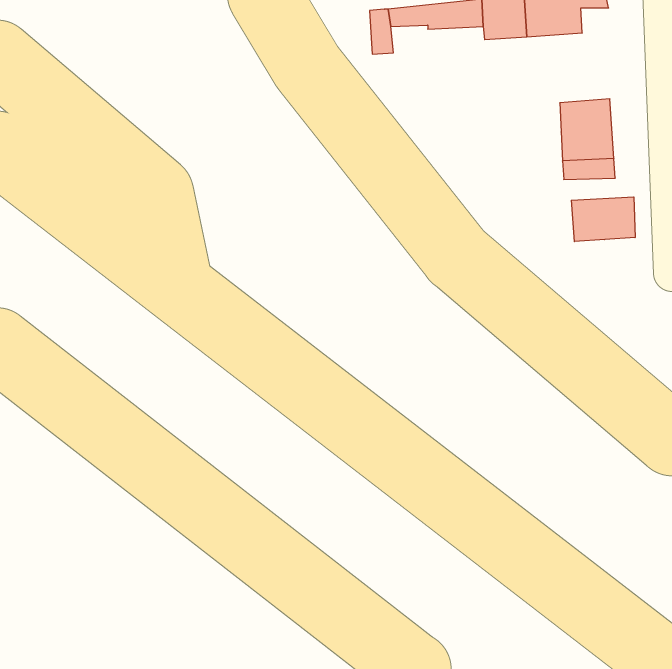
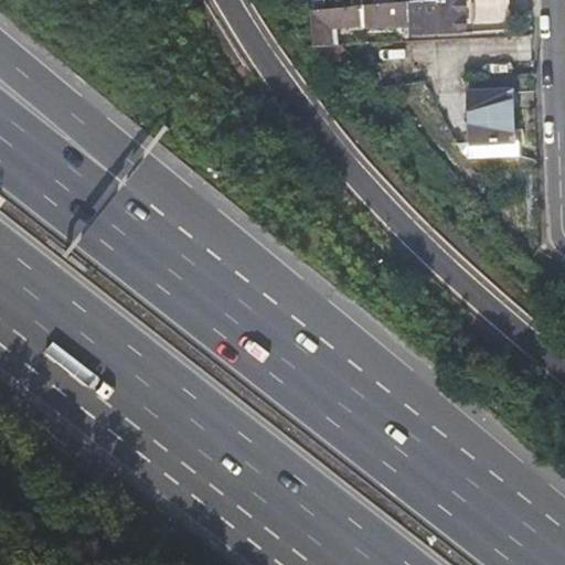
building: [571,197,635,242] -> none

